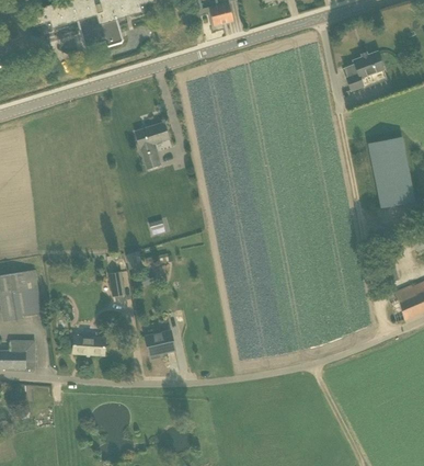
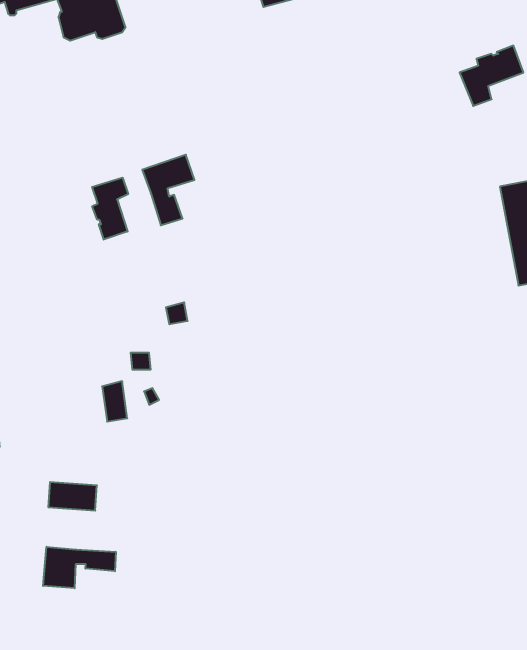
building: none -> [92,178,128,240]
building: [146,321,175,354] -> none
building: none -> [43,547,116,588]

